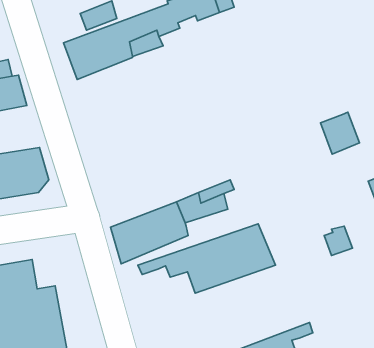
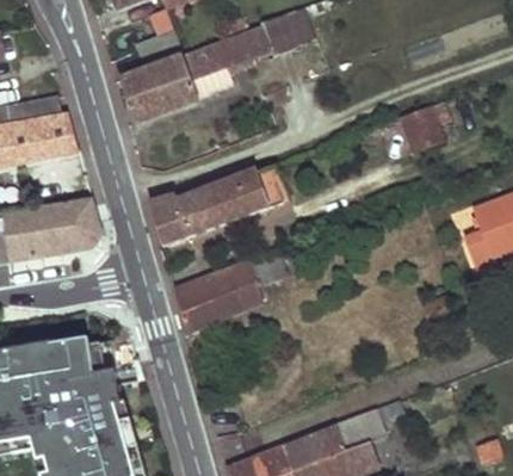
building: [321,112,359,154] -> [398,105,443,153]
building: none -> [148,166,282,245]
building: [138,224,275,293] -> none

